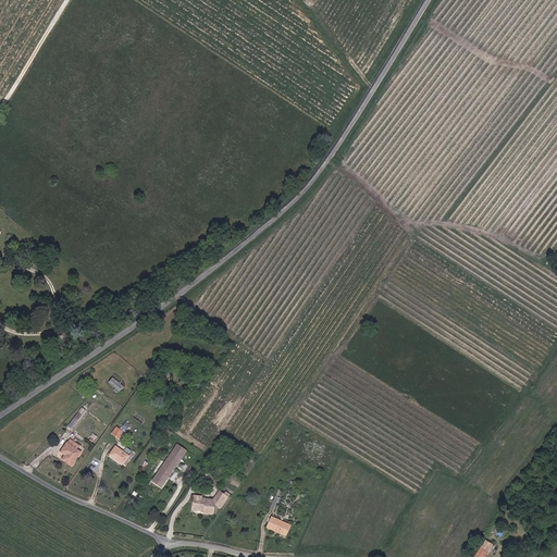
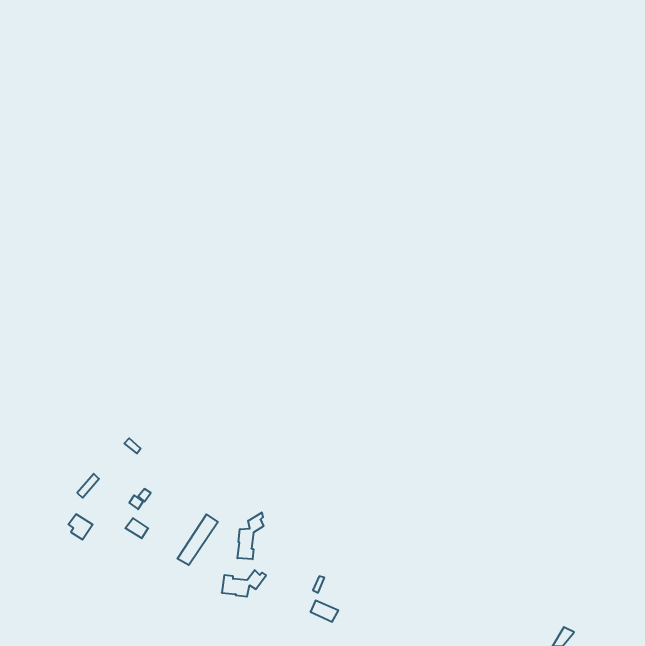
building: none -> [237,512,263,559]

